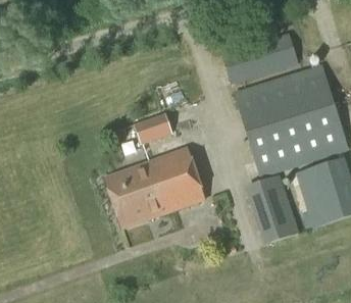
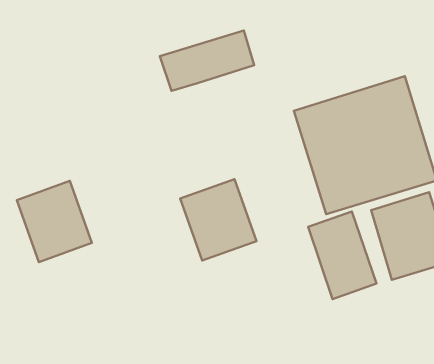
building: [222,34,297,82] -> [160,30,254,91]
building: [135,113,171,144] -> none
building: [103,163,162,228] -> [17,181,92,262]

